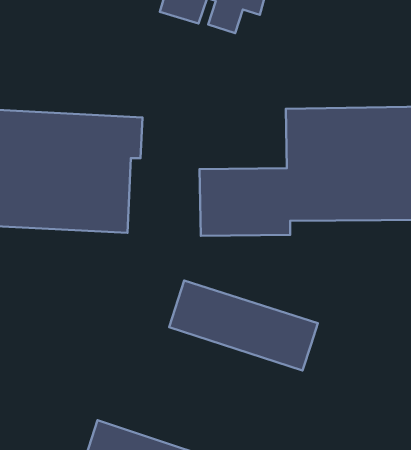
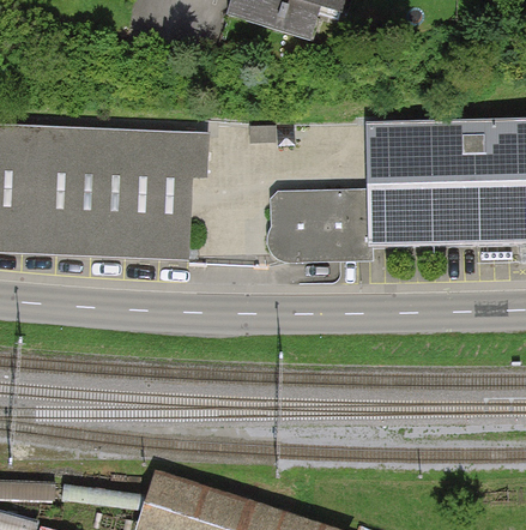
building: [169,281,318,371] -> none

